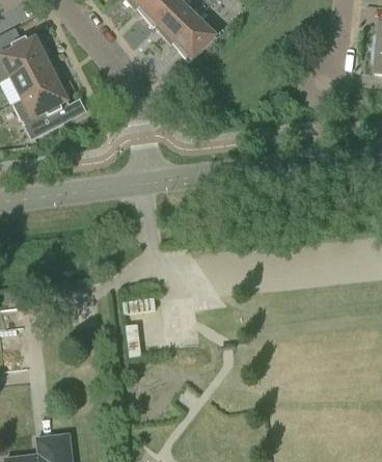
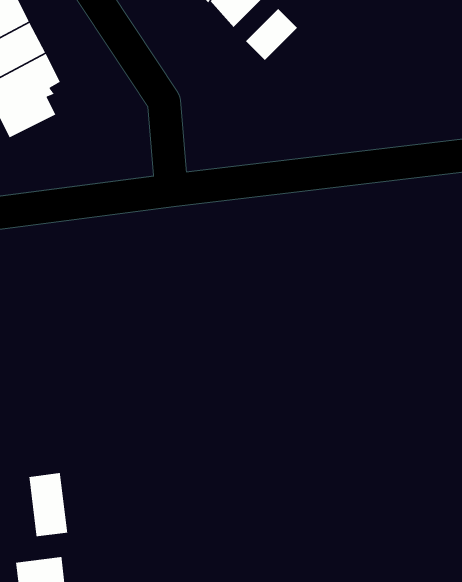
building: none -> [245,8,298,61]
building: none -> [28,472,68,537]

